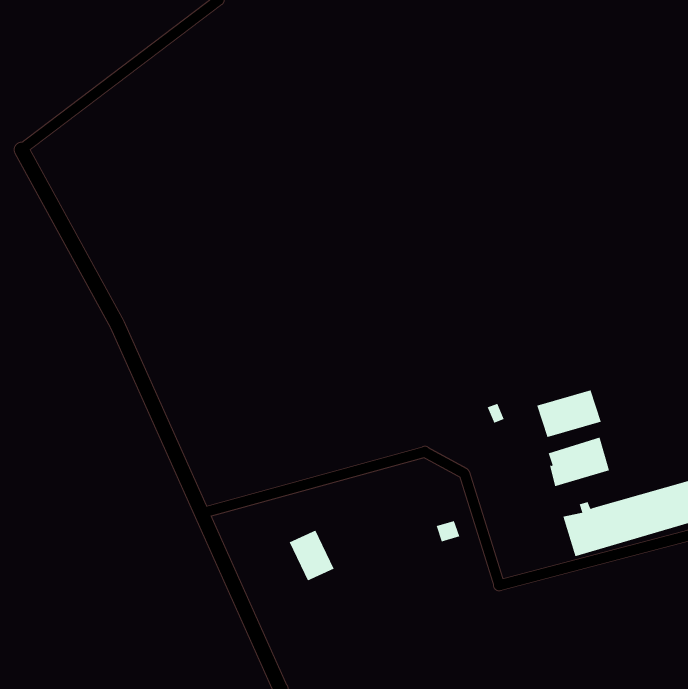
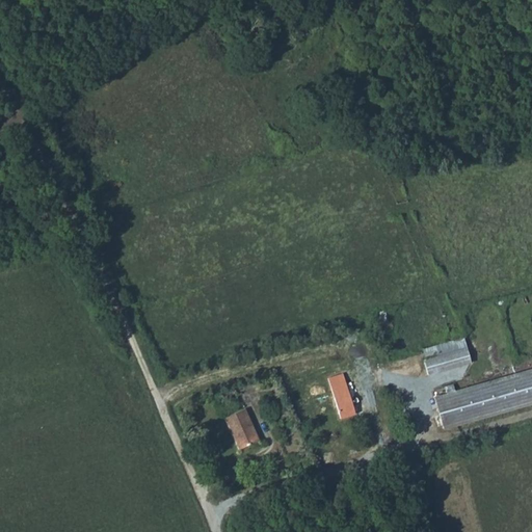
building: [537,389,601,438] -> none
building: none -> [328,374,351,405]

